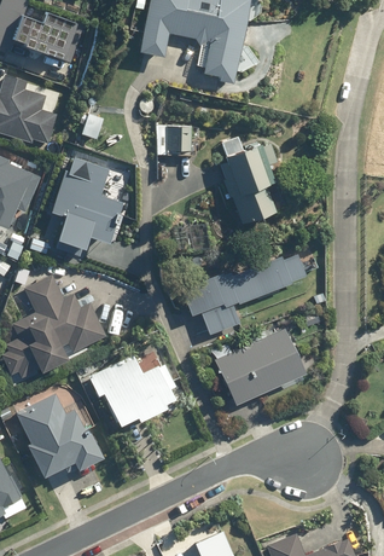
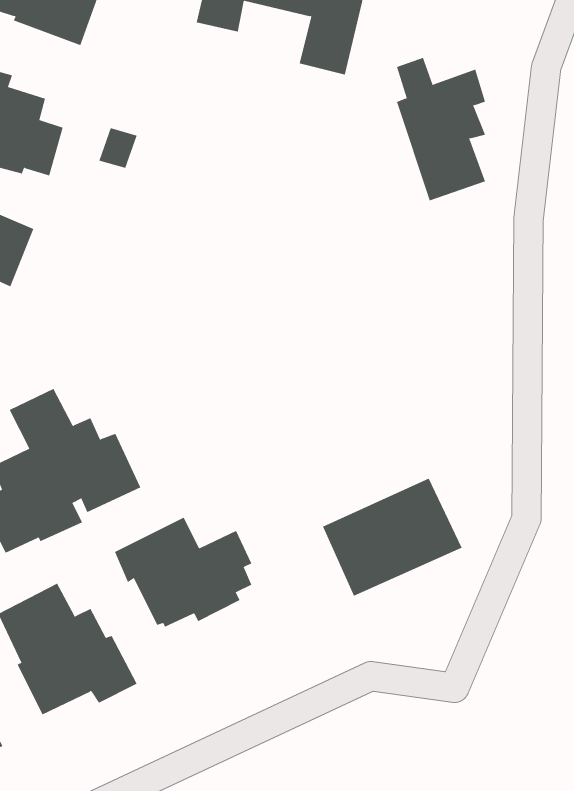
building: [157,124,191,155] -> none
building: [221,135,277,225] -> [396,57,486,201]
building: [52,155,124,250] -> none
building: [182,255,301,335] -> none

